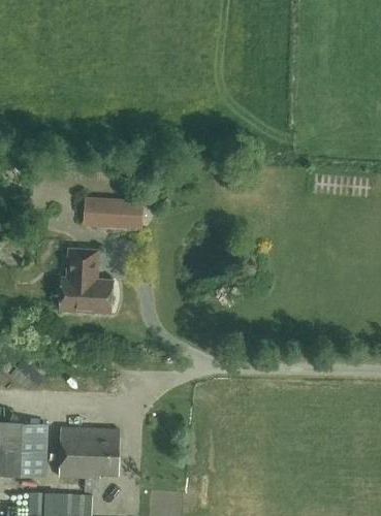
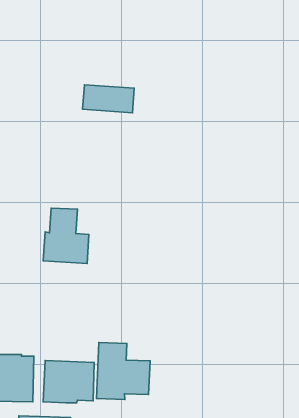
building: [83,196,144,229] -> [83,85,134,113]
building: none -> [97,342,150,400]

